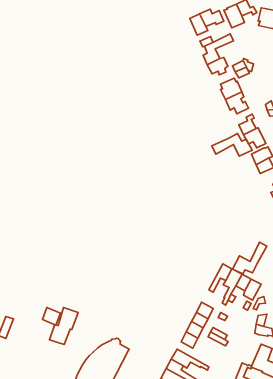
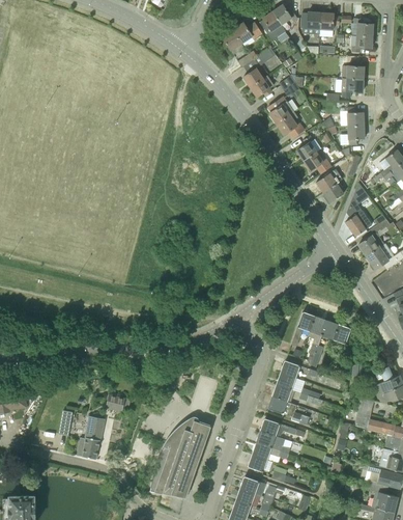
building: [212,134,252,156] -> none
building: [232,242,267,274] -> none
building: [50,307,78,345] -> [78,416,106,459]

